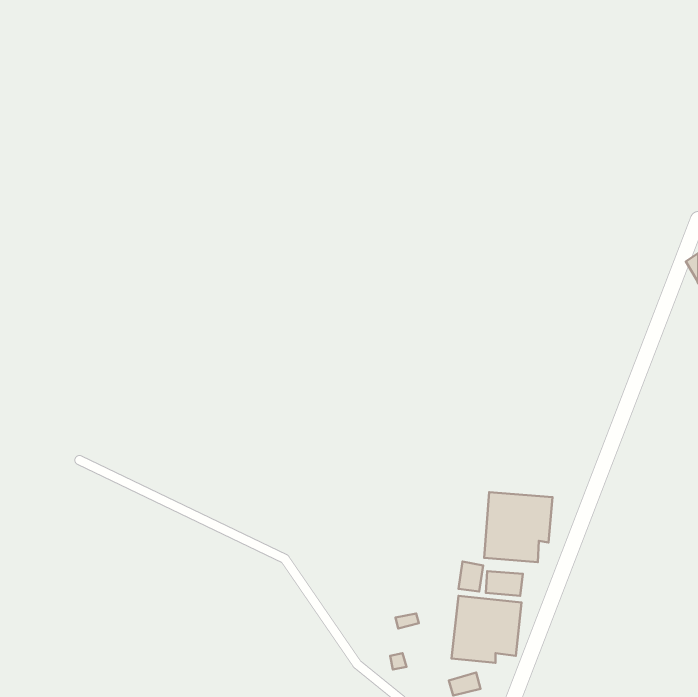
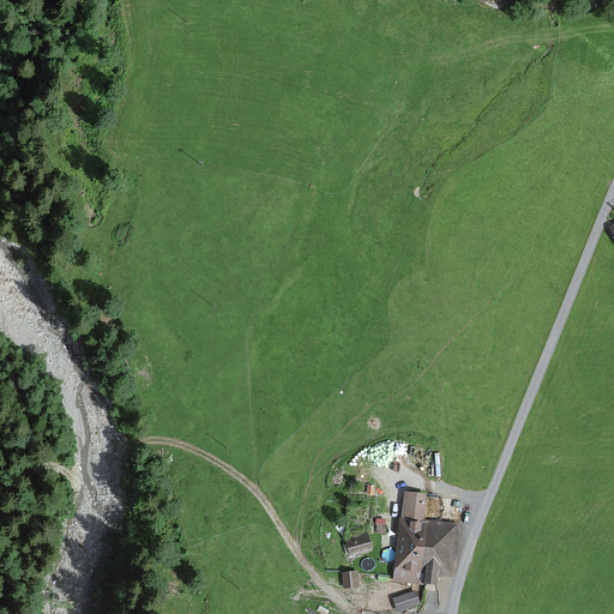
building: [484,492,552,562] -> none

